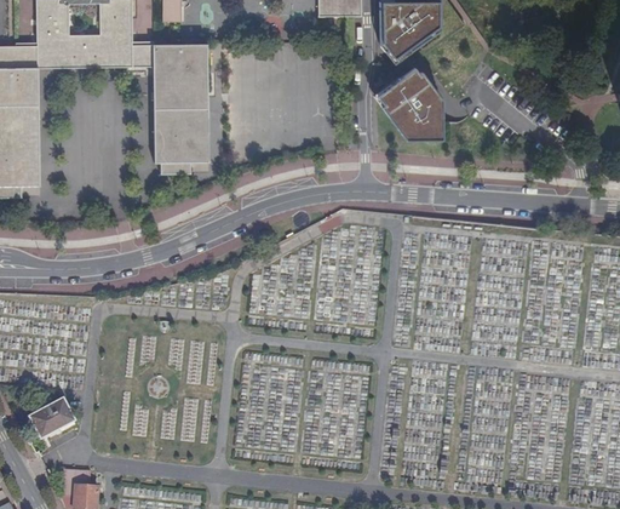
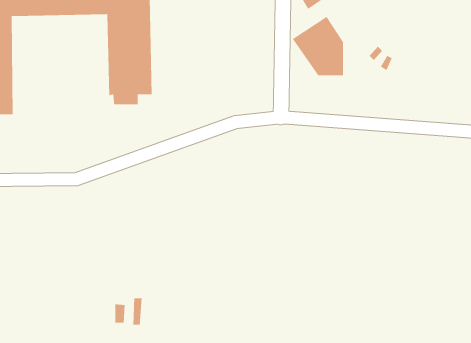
building: [30,398,75,436] -> none

